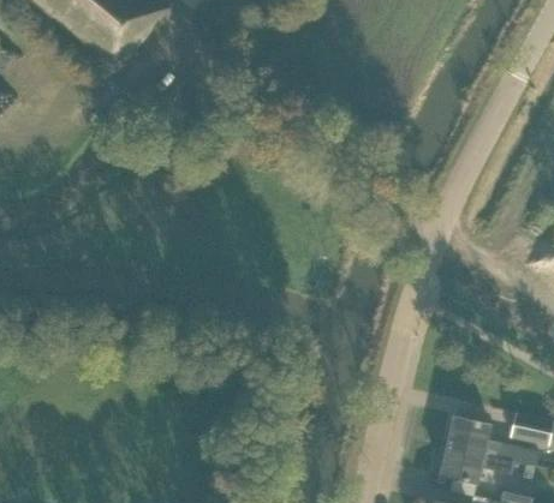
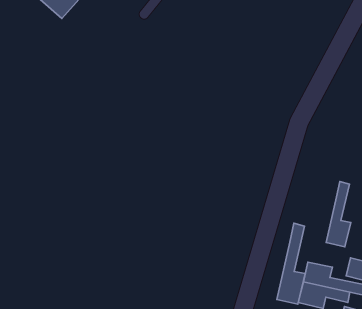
building: none -> [326,181,351,247]
building: none -> [277,223,305,304]

